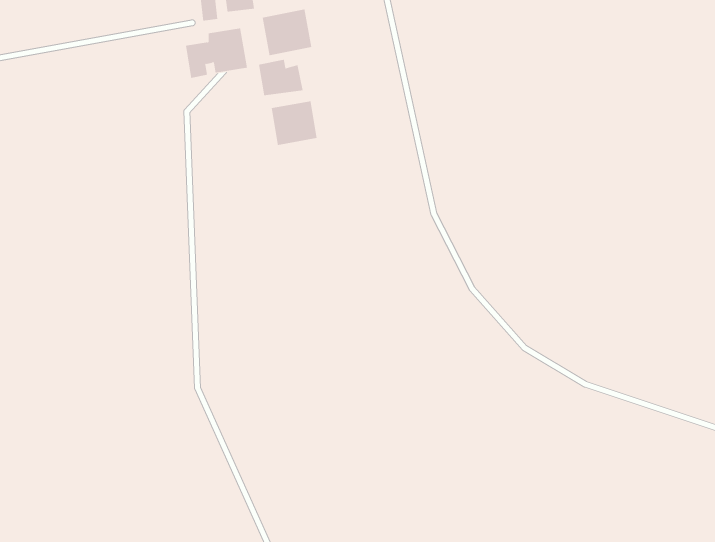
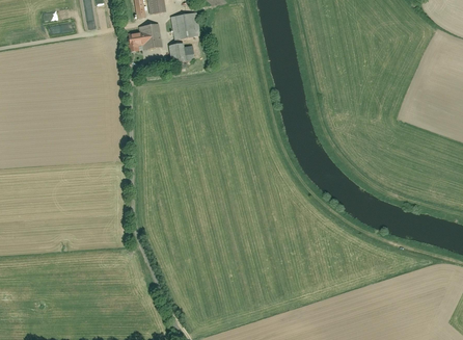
building: [271,100,317,146] -> none

